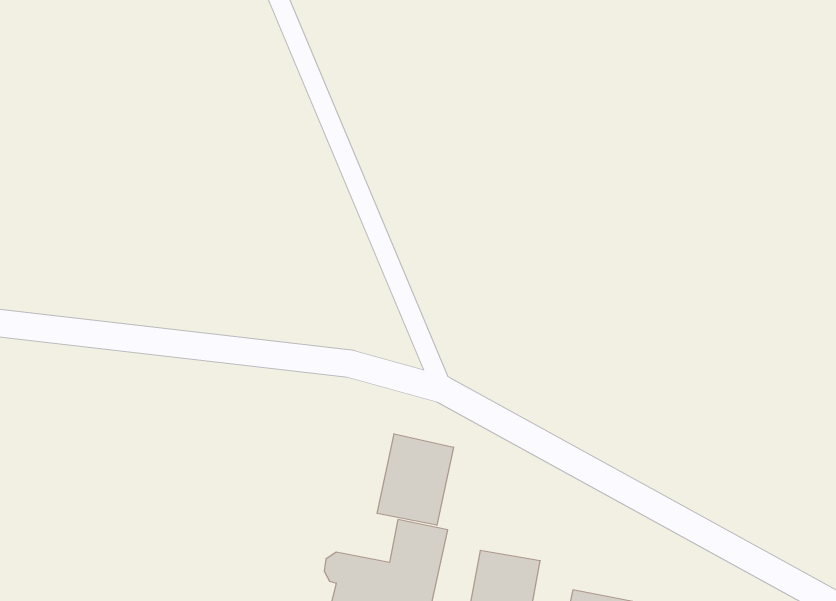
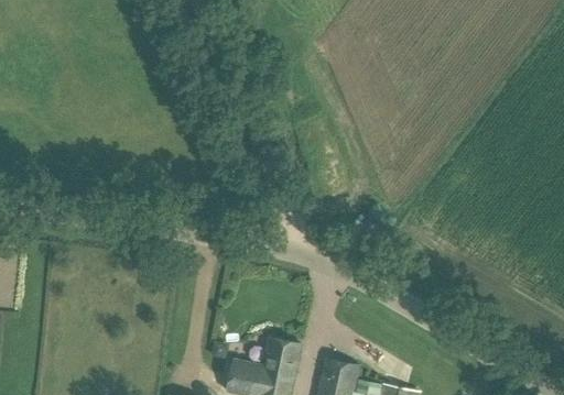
building: [377,434,453,525] -> none

